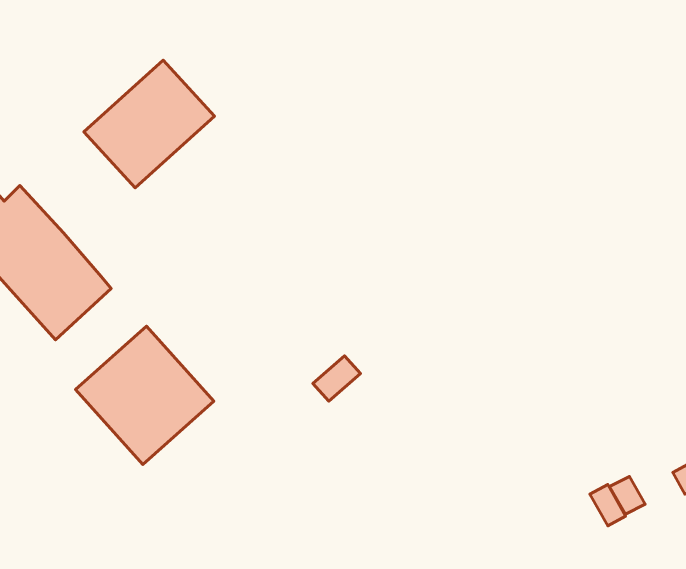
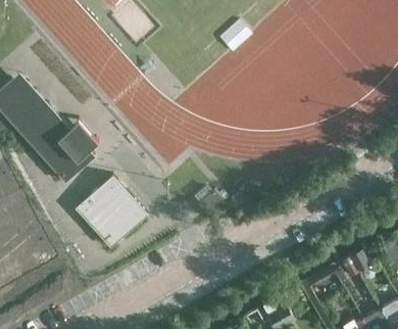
building: [84,60,214,188] -> none

